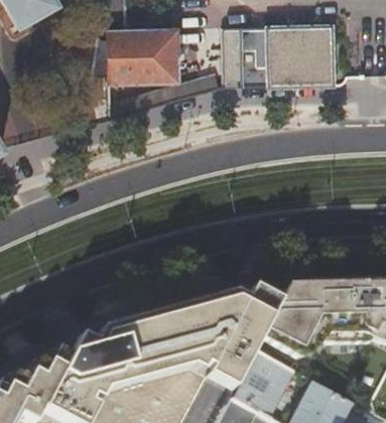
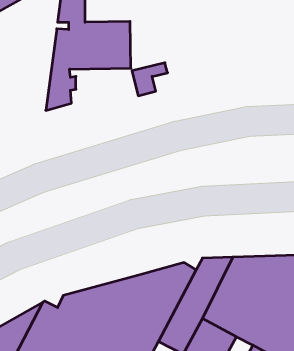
building: [240,24,334,88] -> none

